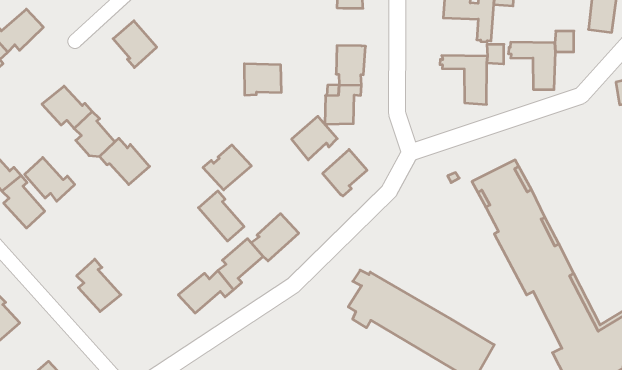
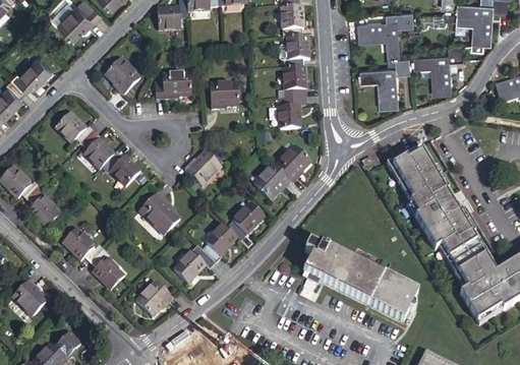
building: none -> [279,36,304,66]
building: none -> [154,73,182,99]
building: [292,116,337,160] -> [254,166,290,200]
building: [25,157,75,201] -> [62,227,102,260]
building: [198,191,244,241] -> [142,191,179,230]
building: none -> [135,281,171,315]

